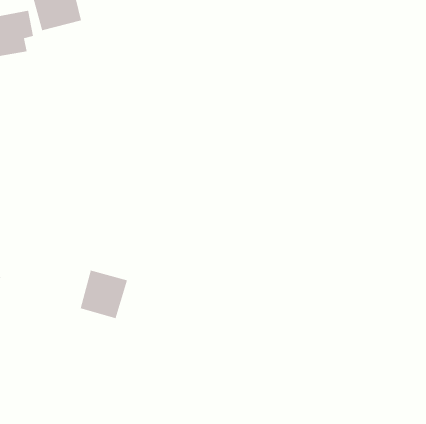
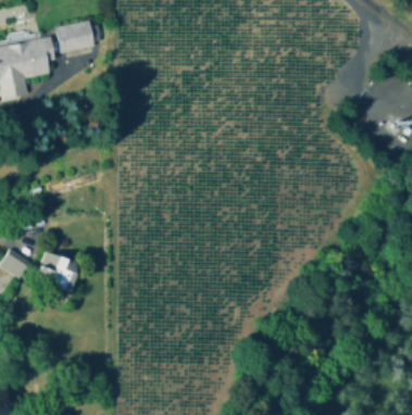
building: [80,270,128,319] -> [37,251,77,292]

